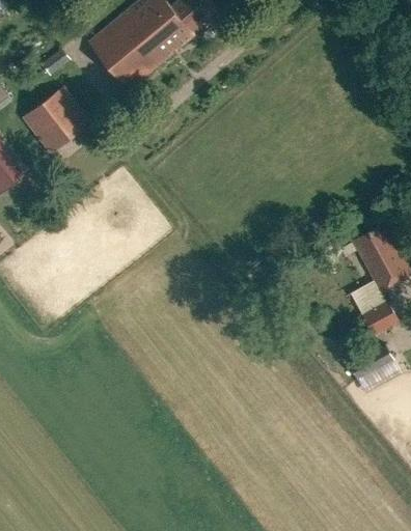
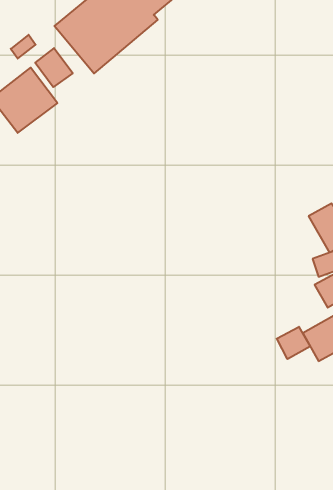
building: none -> [35,48,73,87]
building: none -> [277,327,310,359]

